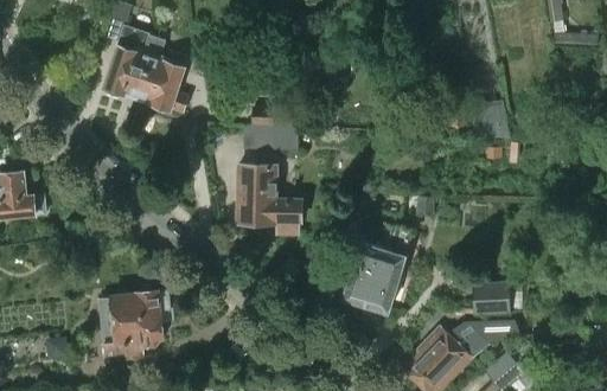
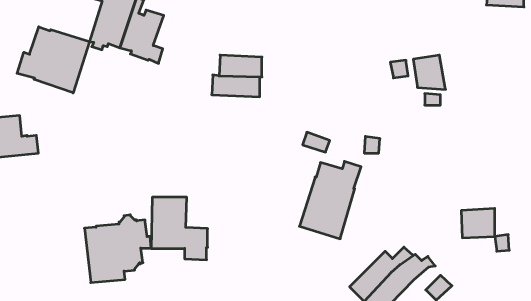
building: none -> [17,27,90,93]
building: [237,164,301,235] -> [151,197,208,260]
building: [472,280,510,313] -> [461,208,495,238]

